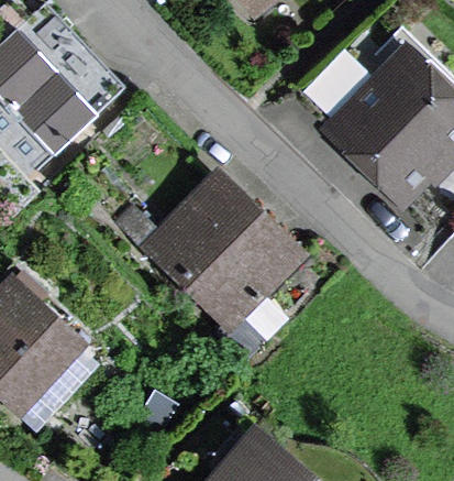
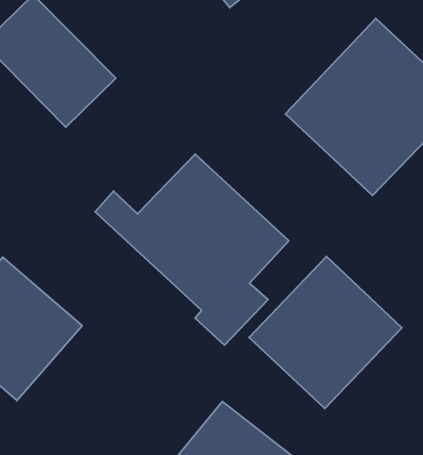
building: none -> [249,256,402,409]

